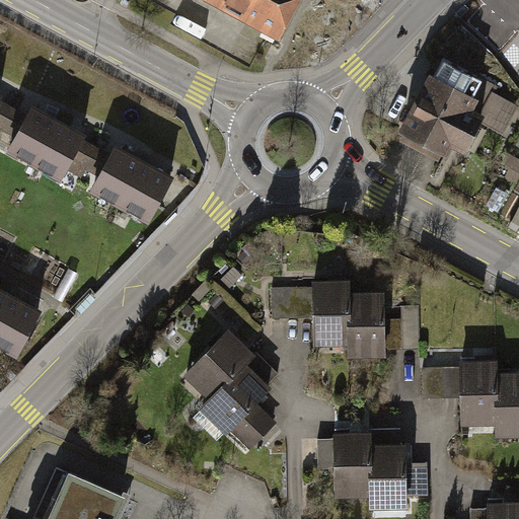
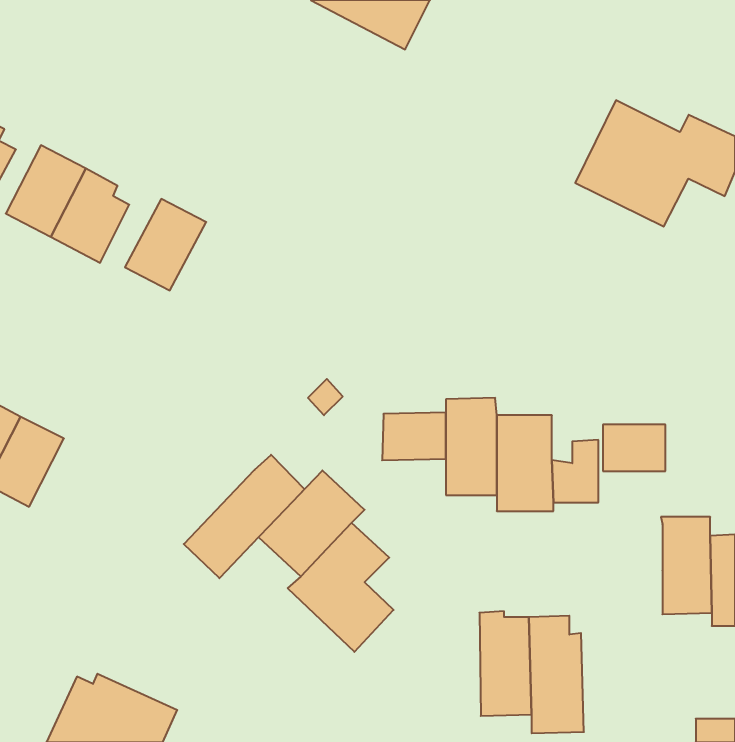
building: [119,155,174,220] -> none
building: none -> [184,455,304,578]
building: [419,366,462,398] -> [603,425,665,471]

